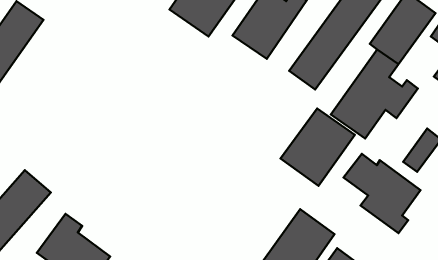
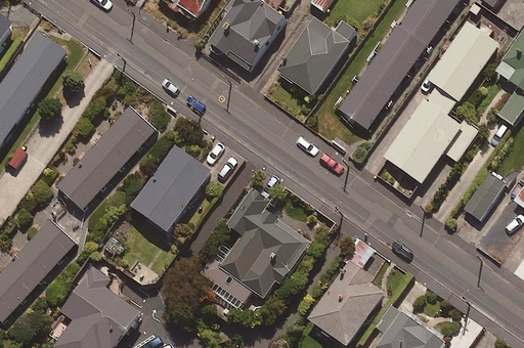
building: none -> [56,105,156,210]
building: none -> [131,144,212,231]
building: [280,108,355,186] -> none
building: none -> [201,186,310,303]
building: [344,154,420,233] -> none

